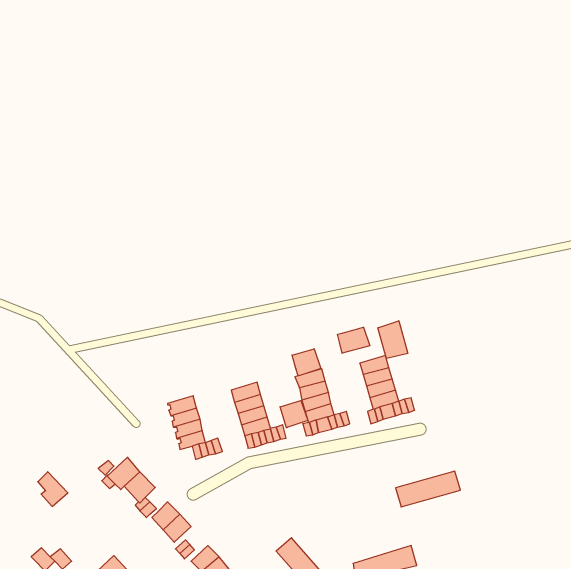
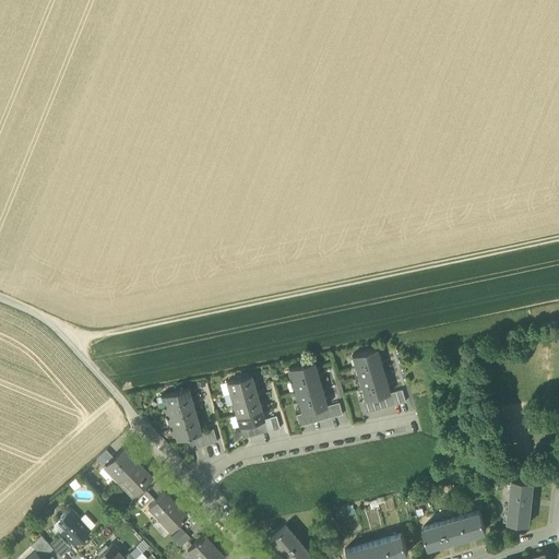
building: [378,321,408,359] -> none
building: [338,327,370,353] -> none
building: [292,349,321,376] -> none
building: [280,401,308,428] -> none
building: [396,471,460,507] -> [423,513,486,548]
building: [38,472,68,506] -> [60,511,90,545]
building: none -> [508,481,532,526]

